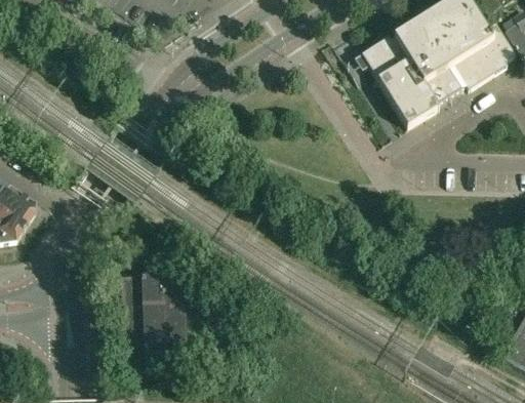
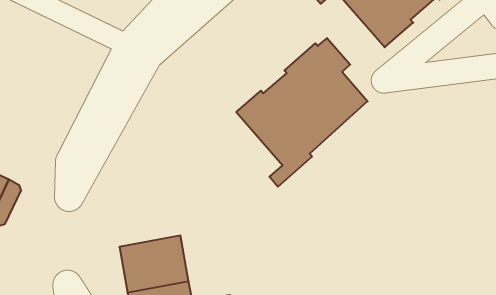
building: none -> [236,38,368,187]

